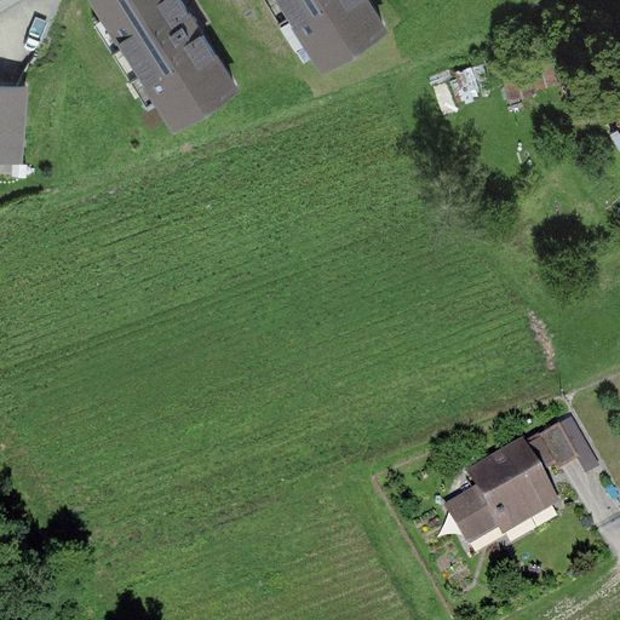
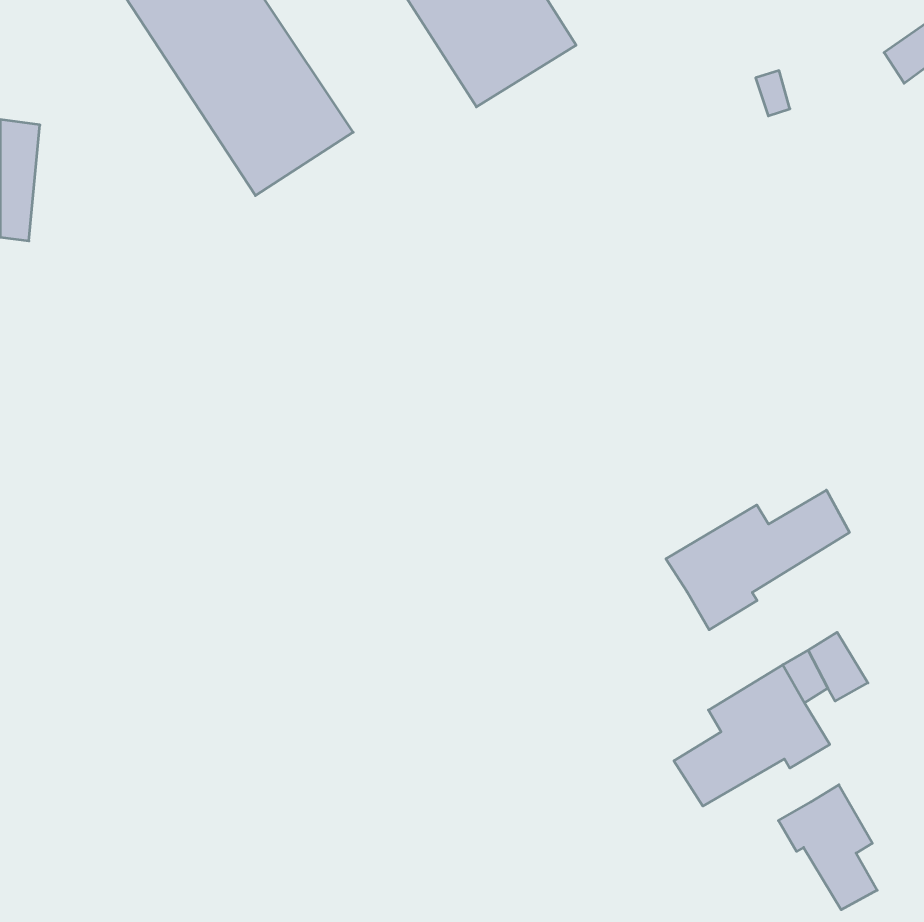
building: none -> [666,490,849,630]
building: none -> [778,785,877,910]

